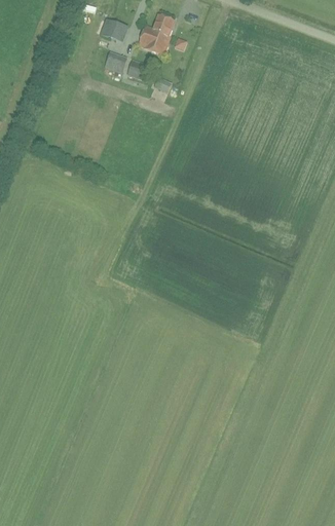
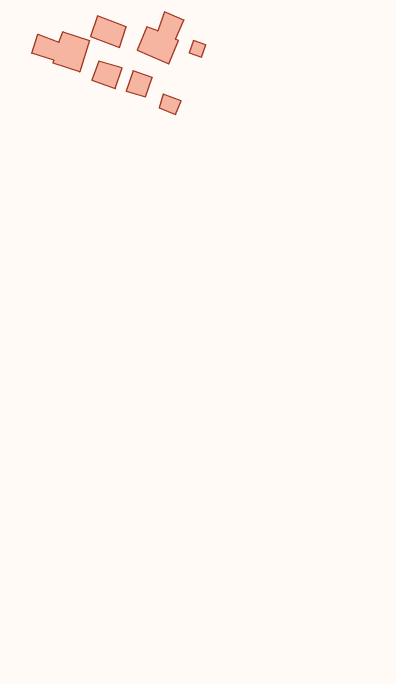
building: none -> [32,32,89,72]

